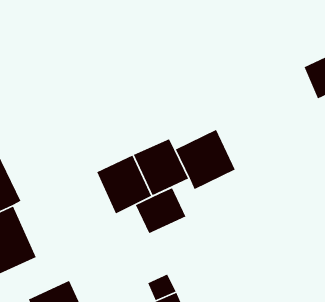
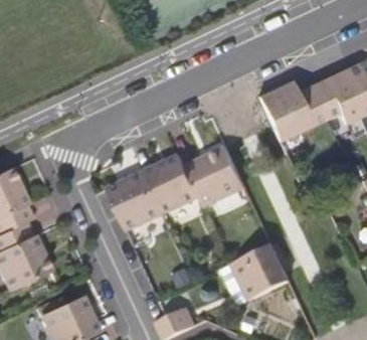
building: none -> [261,80,328,139]
building: [135,187,186,234] -> none
building: none -> [235,243,292,300]

